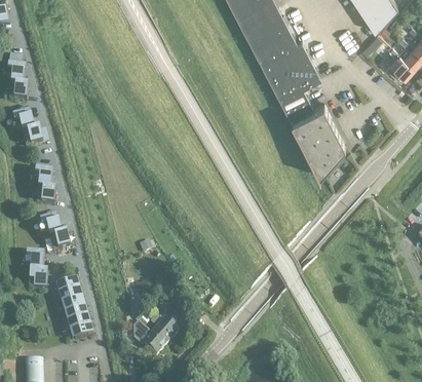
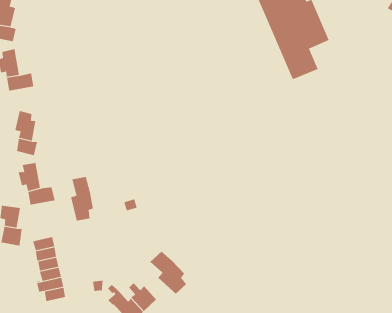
building: [291,104,344,174] -> none
building: none -> [70,176,93,221]
building: none -> [150,251,187,294]

